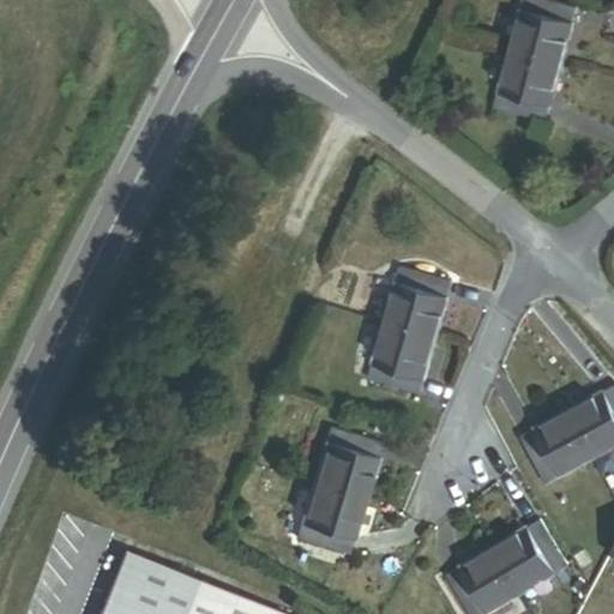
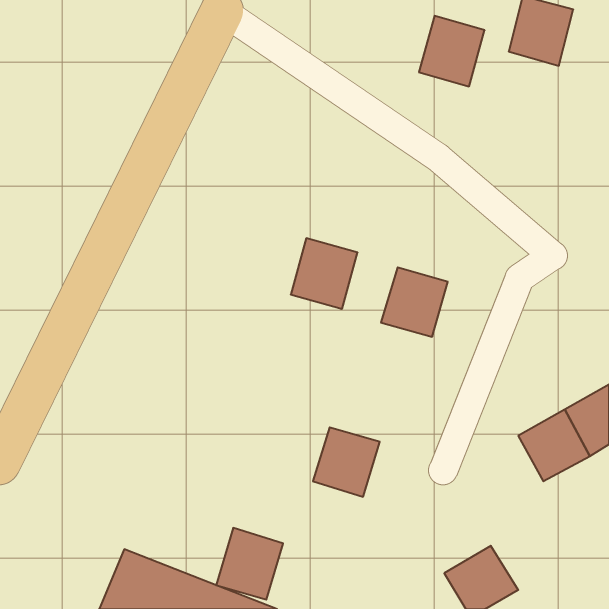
building: [495,52,561,122] -> [419,16,485,86]
building: [367,324,434,395] -> [291,238,358,309]
building: [297,483,365,555] -> [216,528,283,600]
building: [493,519,567,592] -> none

